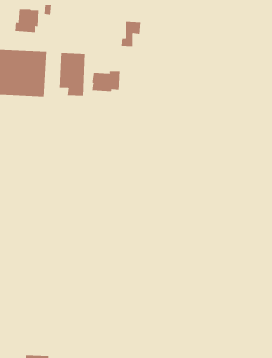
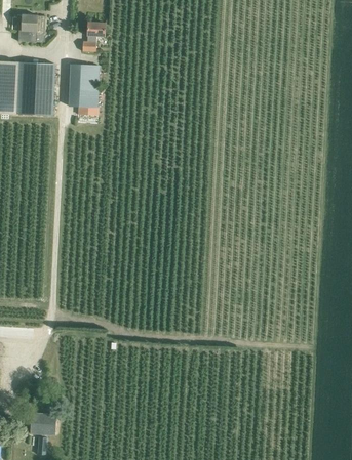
building: [121,21,141,47] -> [82,22,106,51]
building: [92,71,120,92] -> none

